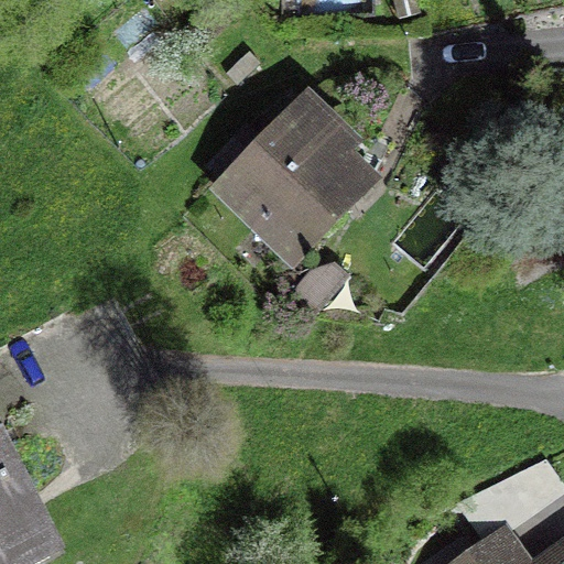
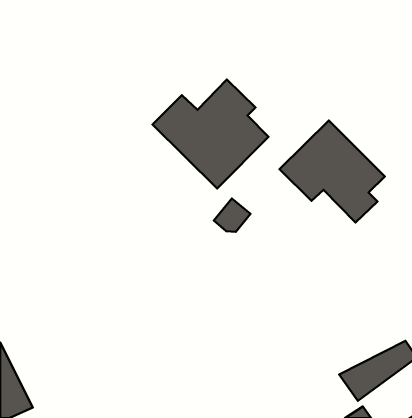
building: none -> [280,121,385,223]

